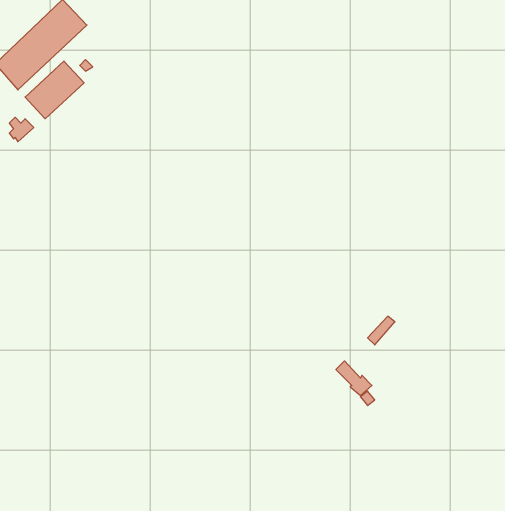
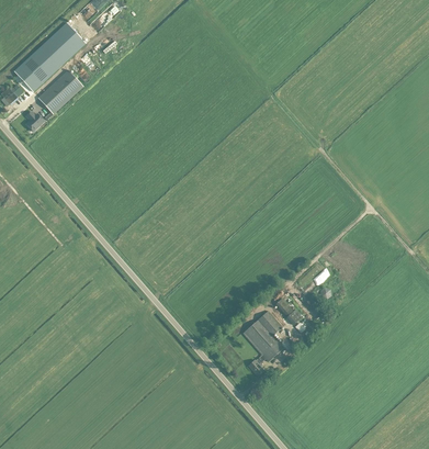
building: none -> [242,311,283,375]

